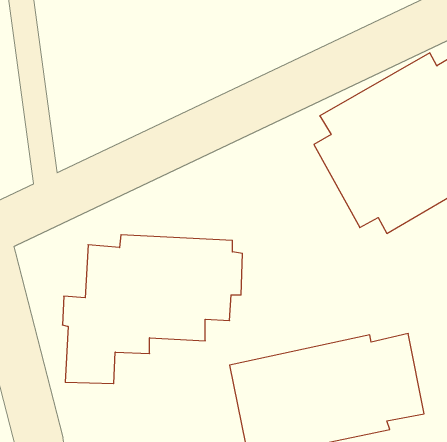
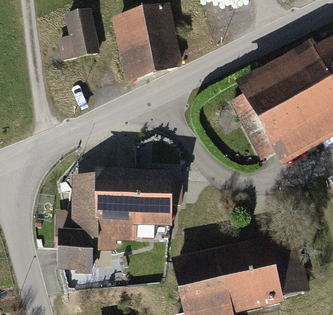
building: none -> [114,8,182,78]
building: none -> [56,9,101,62]

